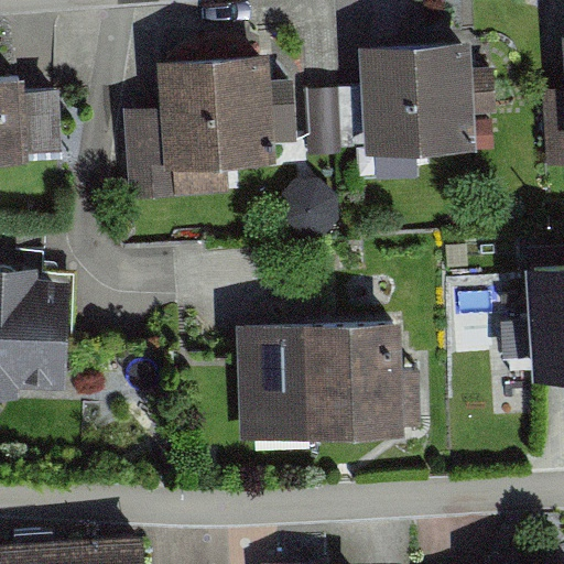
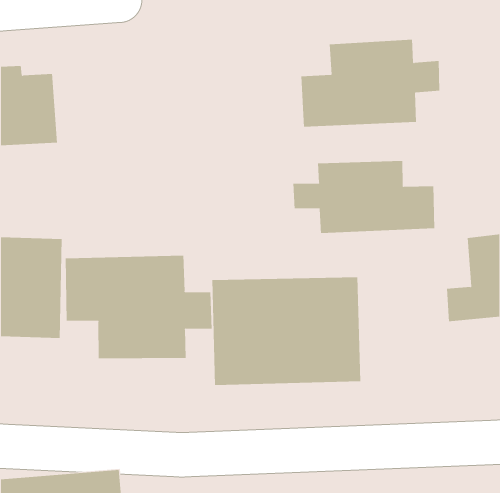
building: [128,65,291,194] -> none
building: none -> [293,160,435,234]
building: none -> [65,255,212,359]

